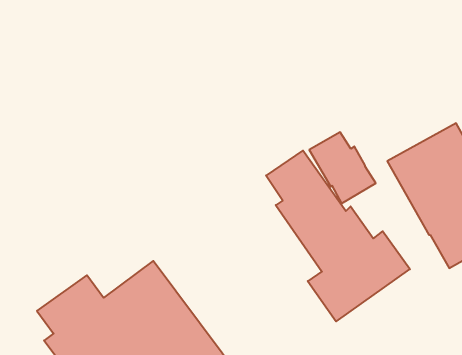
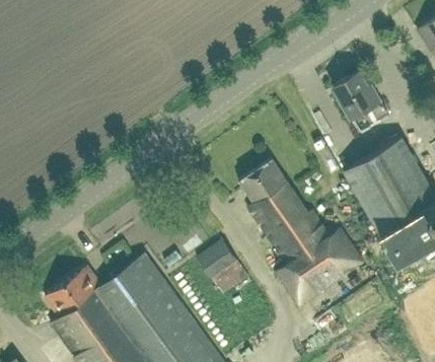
building: [309,132,376,203] -> [334,71,390,132]
building: none -> [196,238,248,293]

